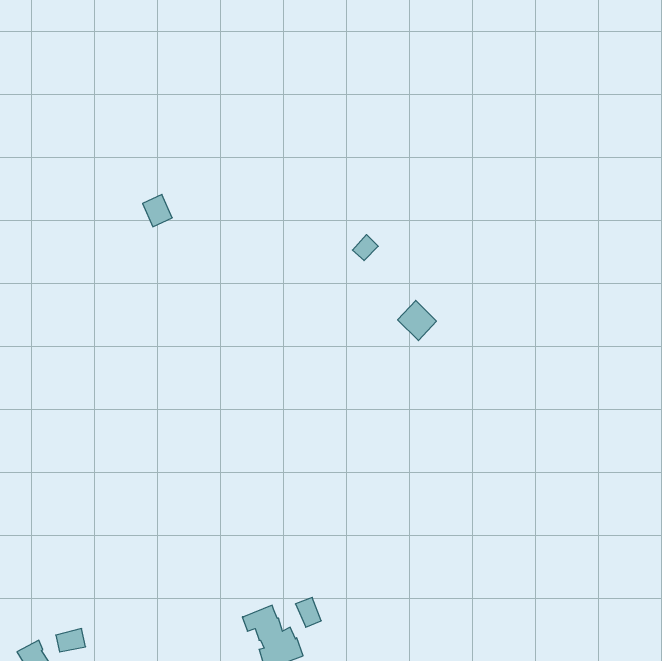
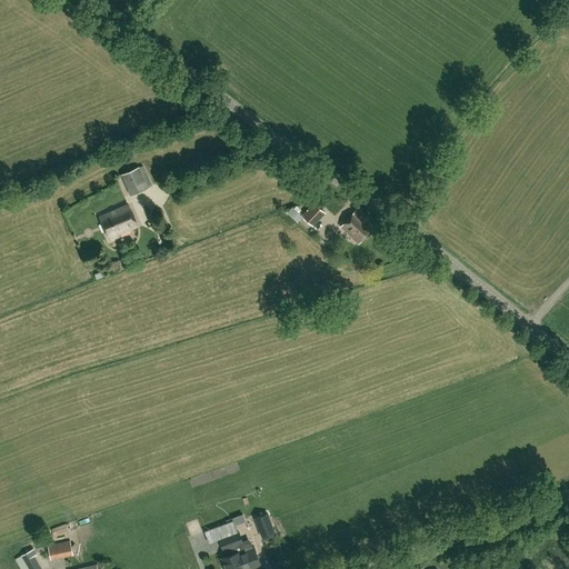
building: none -> [100,206,138,240]
building: [398,300,436,341] -> [340,210,373,244]

